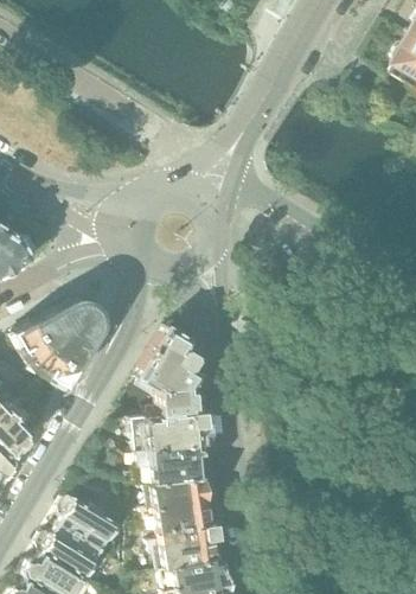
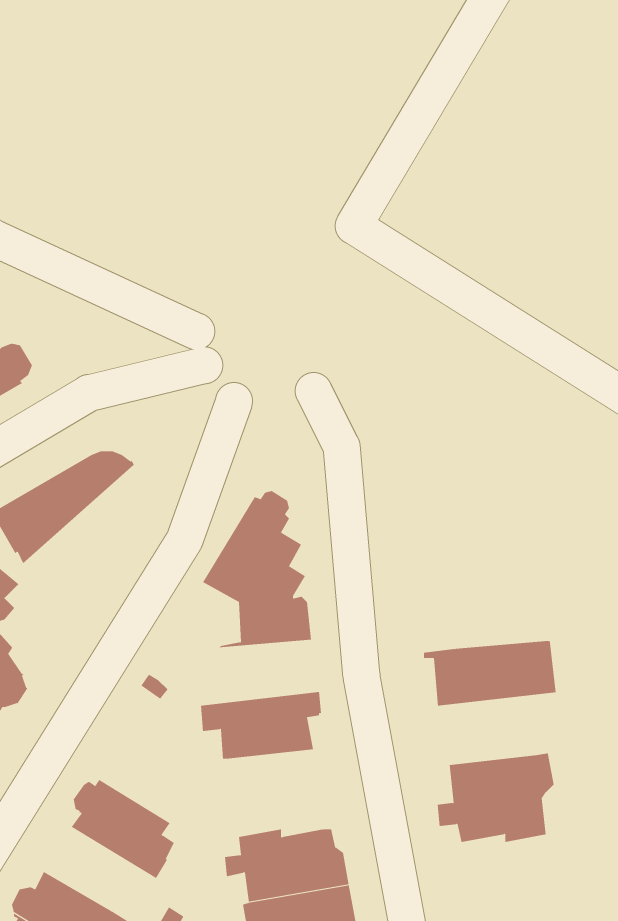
building: [31,308,102,390] -> none
building: [128,413,207,452] -> [423,641,557,706]
building: [145,477,215,530] -> [437,753,554,842]
building: [39,524,110,575] -> none

